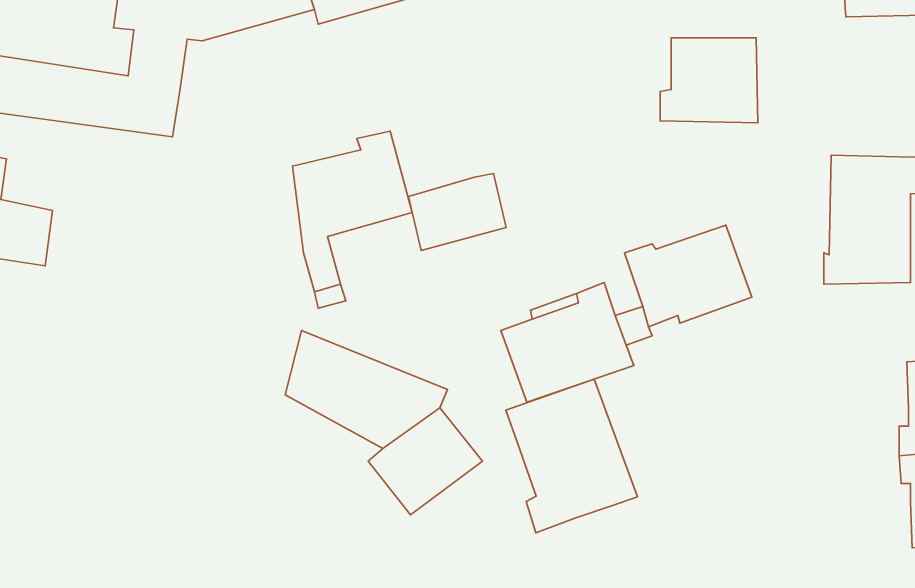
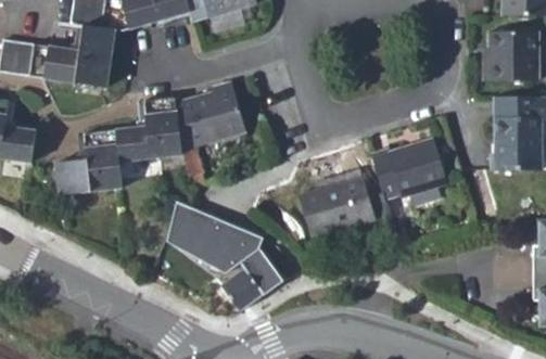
building: [660,38,758,123] -> [479,34,536,84]
building: none -> [54,97,181,195]
building: [409,173,506,251] -> none
building: [506,379,638,533] -> none

